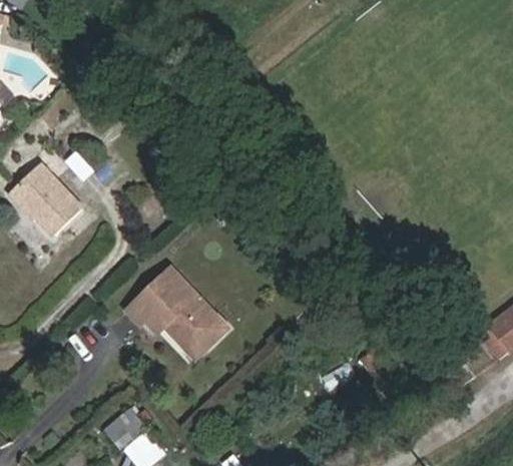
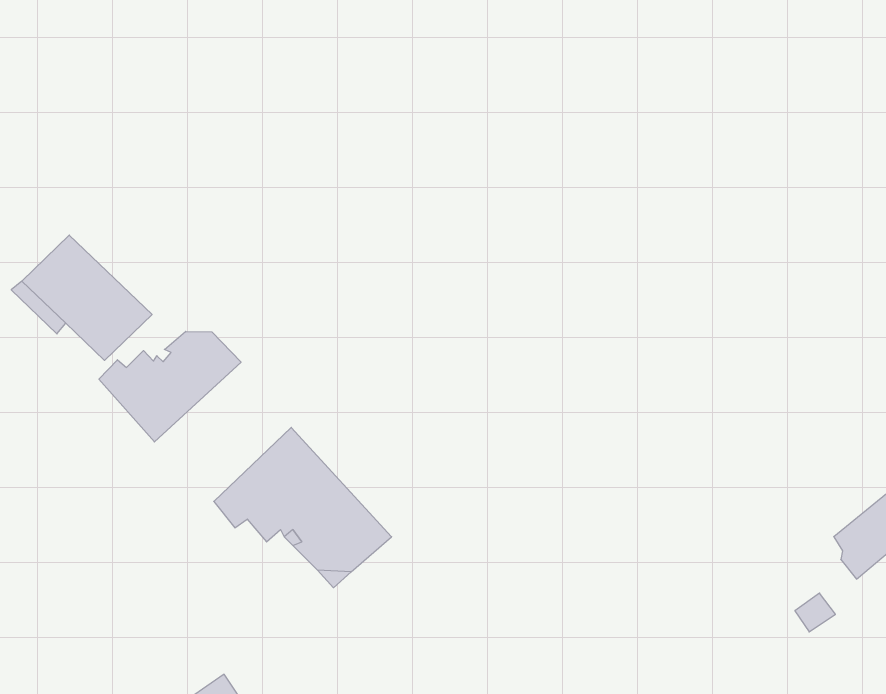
building: none -> [99,331,241,442]

